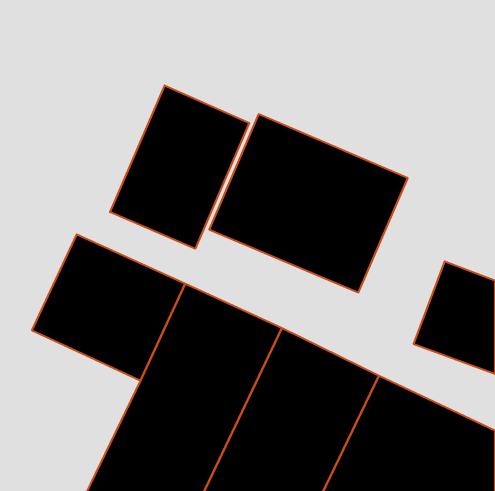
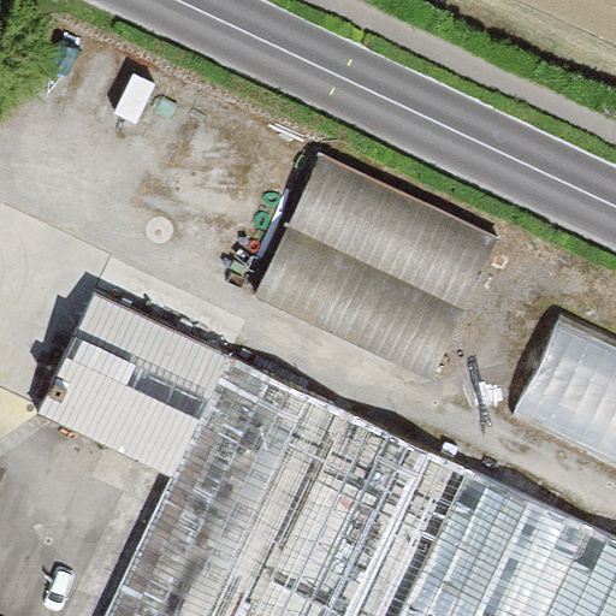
building: [110,85,249,249] -> none

